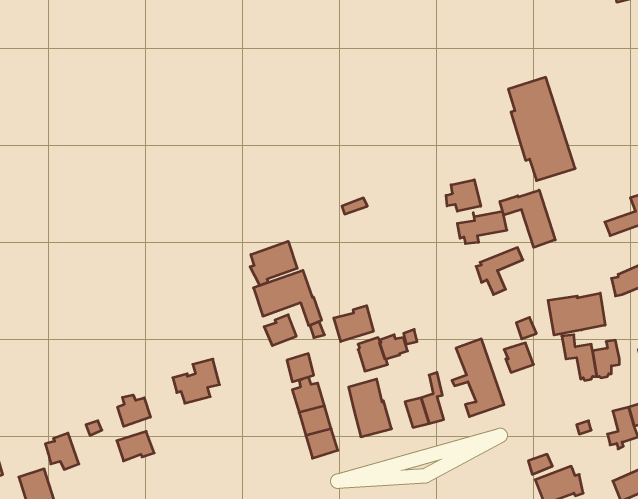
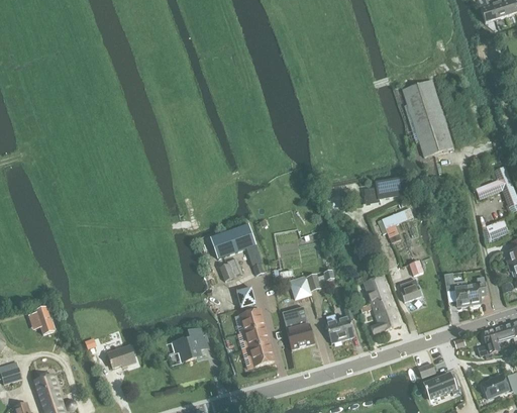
building: [446,180,481,211] -> none
building: [500,190,555,247] -> none
building: [250,241,297,286] -> none
building: [548,293,605,335] -> none
building: [334,306,373,342] -> none
building: [173,359,220,403] -> [173,326,208,359]
building: [118,395,150,426] -> none
building: [45,433,79,469] -> [28,305,54,332]

